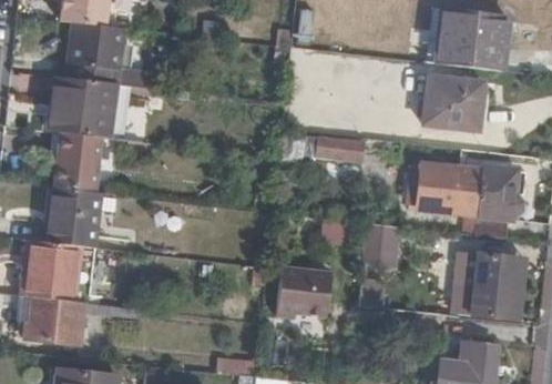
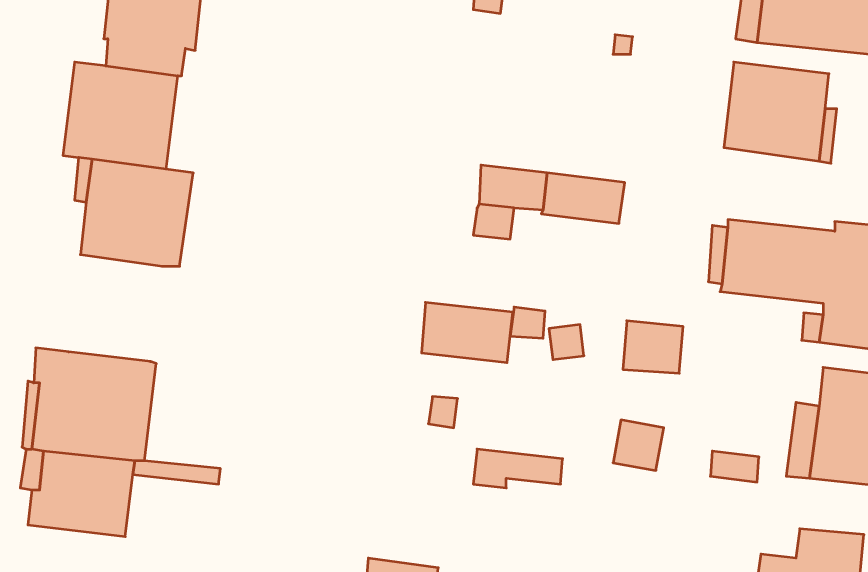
building: [45,183,101,245] -> none
building: [280,266,333,301] -> [422,302,513,363]

